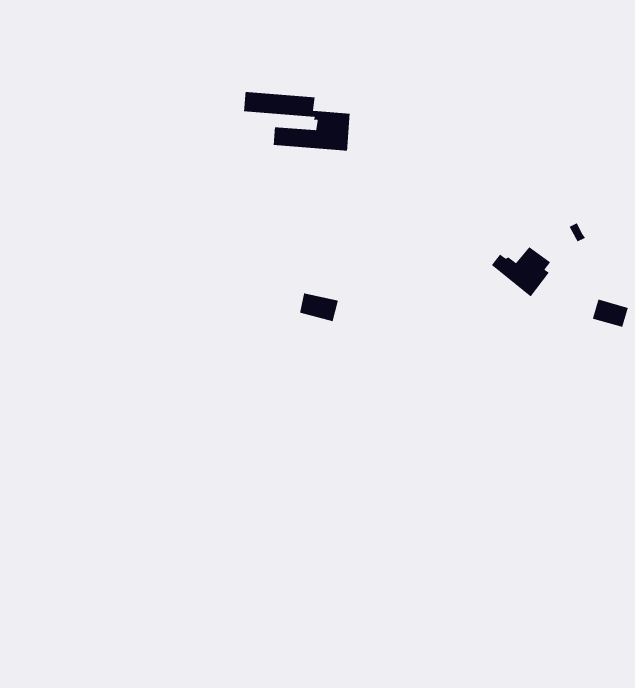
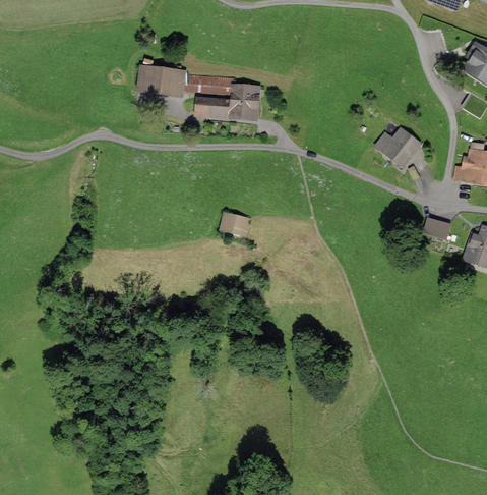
building: none -> [142,69,180,94]
building: [491,246,551,298] -> [377,131,419,167]

